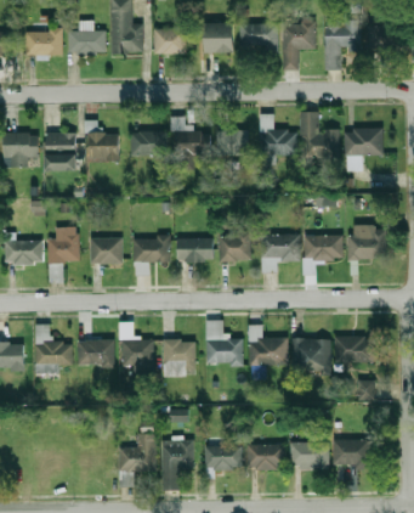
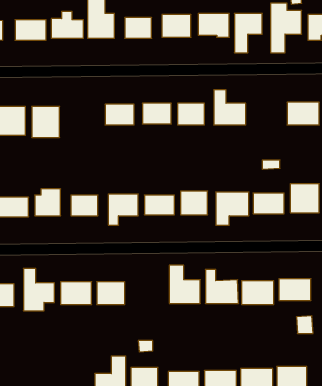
building: [301,112,339,159] -> none
building: [87,133,119,158] -> none
building: [163,340,195,376] -> none

